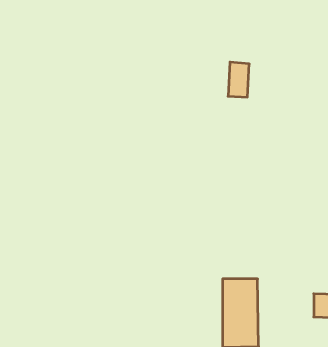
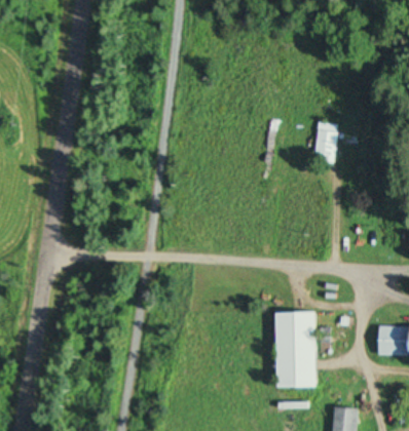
building: [228,62,249,97] -> [312,122,336,161]

